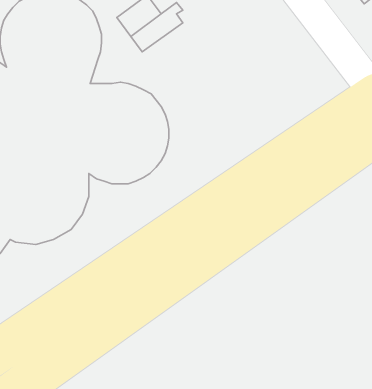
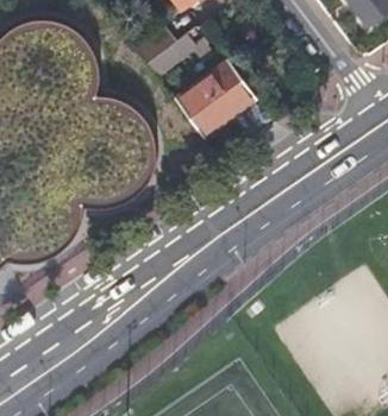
building: none -> [171,57,248,130]

